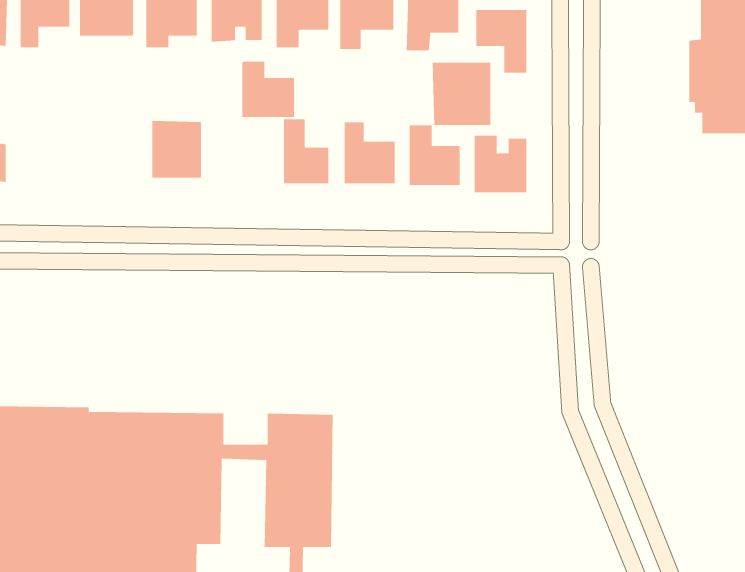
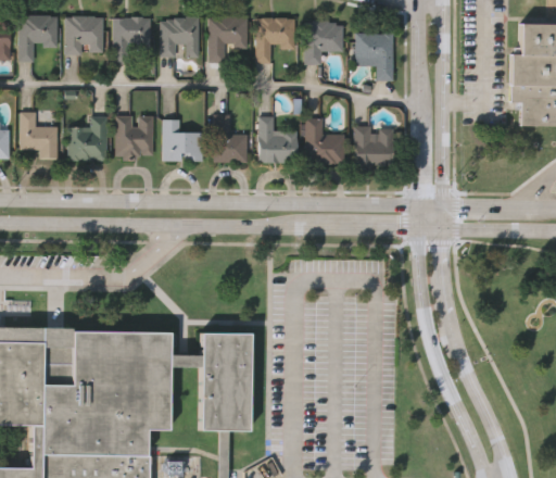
building: [241,61,295,117] -> [164,120,203,161]
building: [432,62,491,126] -> none
building: none -> [21,112,59,159]
building: none -> [70,117,108,161]

